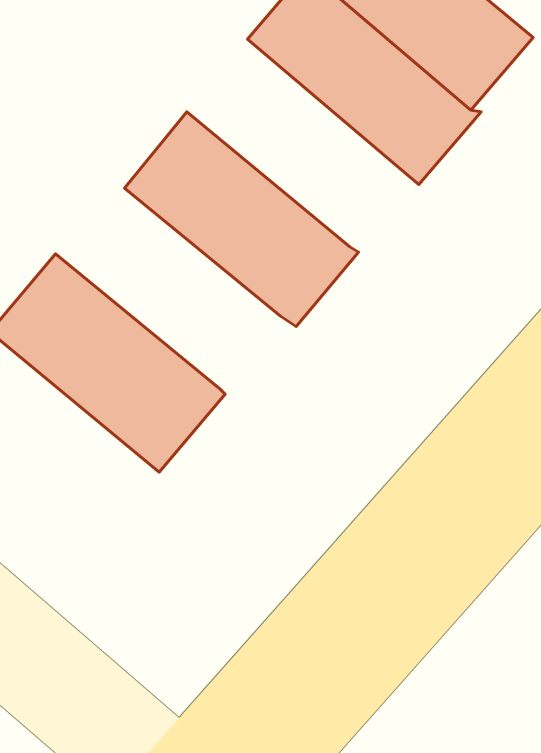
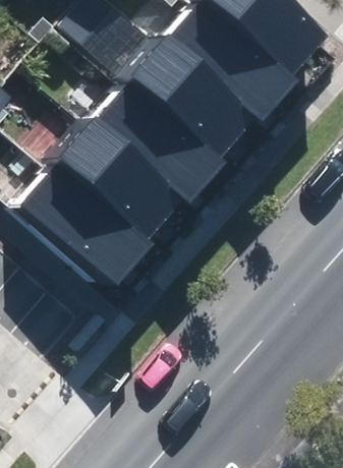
building: none -> [119,31,256,158]
building: none -> [49,119,181,241]

